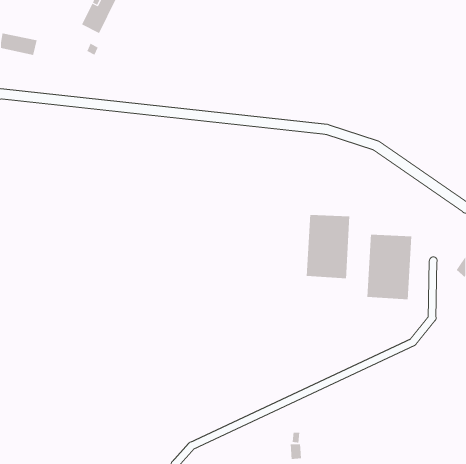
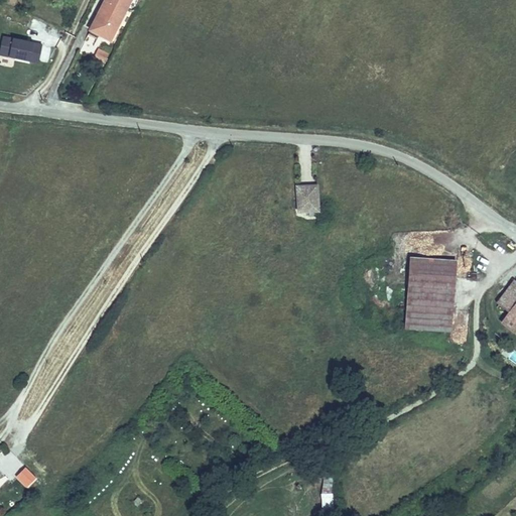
building: none -> [294,183,318,213]
building: [306,214,350,279] -> none

